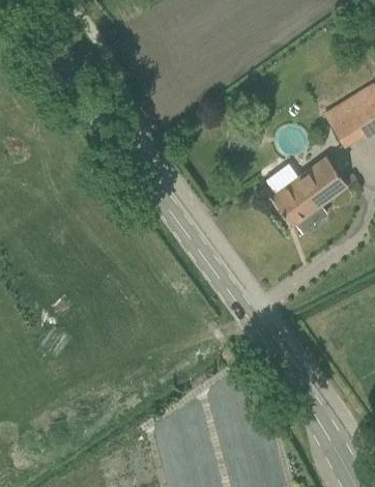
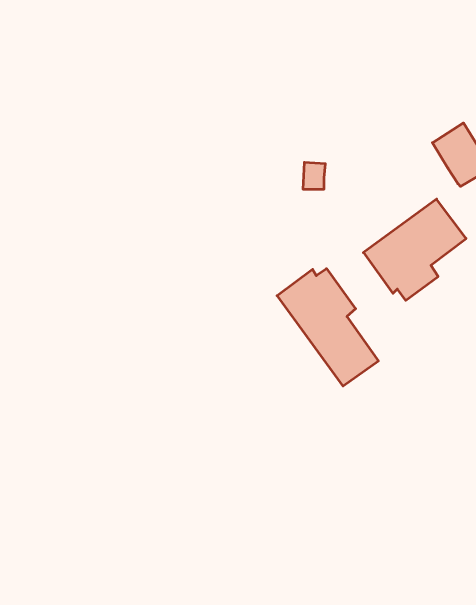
building: none -> [277,269,378,386]

